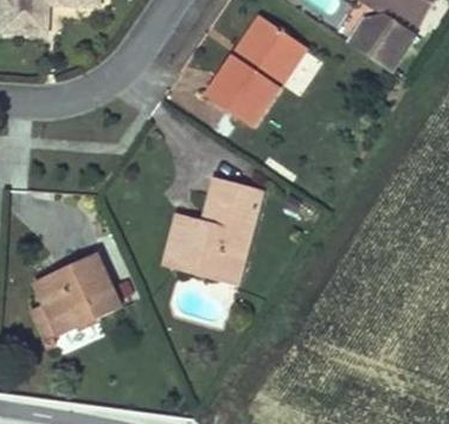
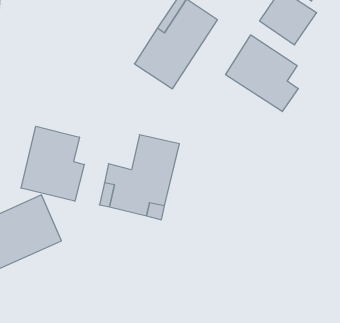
building: none -> [226,35,298,112]
building: none -> [21,126,84,201]

